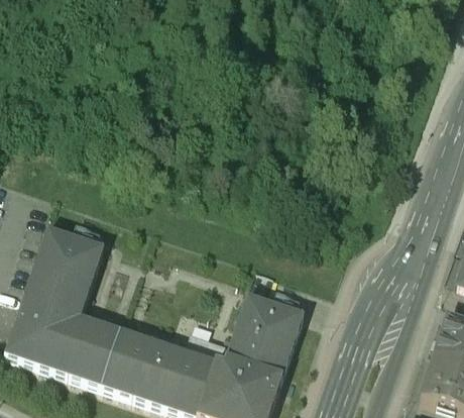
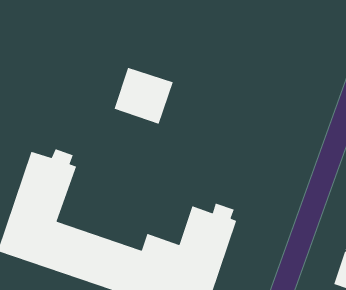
building: none -> [113,67,174,125]

